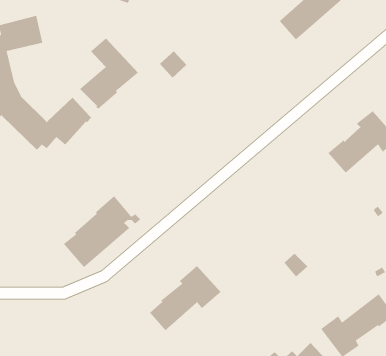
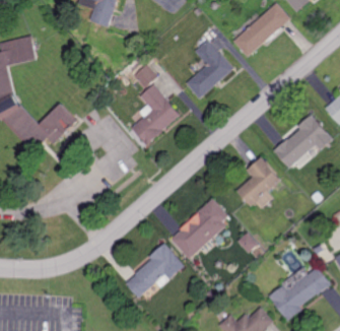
building: none -> [186,40,233,98]
building: [79,38,139,110] -> [130,85,180,145]
building: none -> [236,156,280,209]
building: [63,195,141,268] -> [171,198,235,259]

